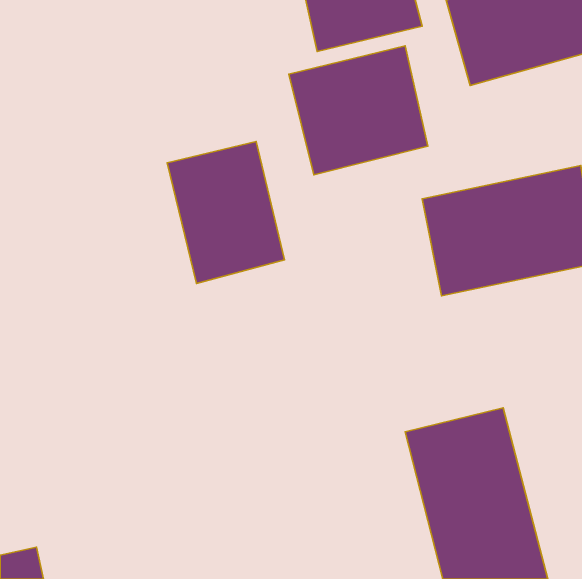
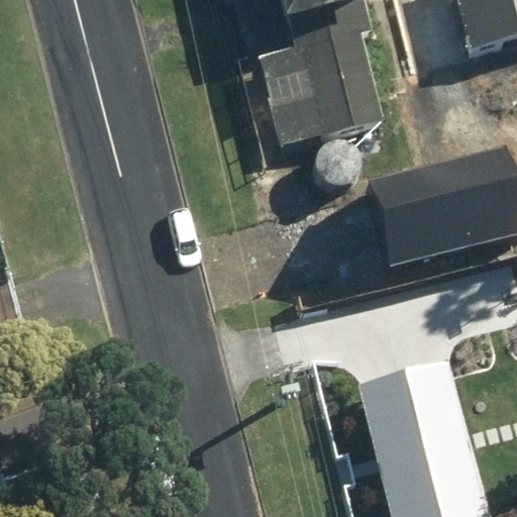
building: [167,142,285,283] -> none

